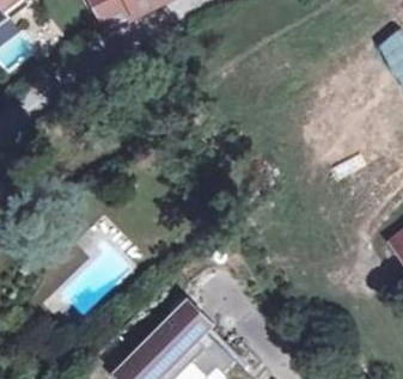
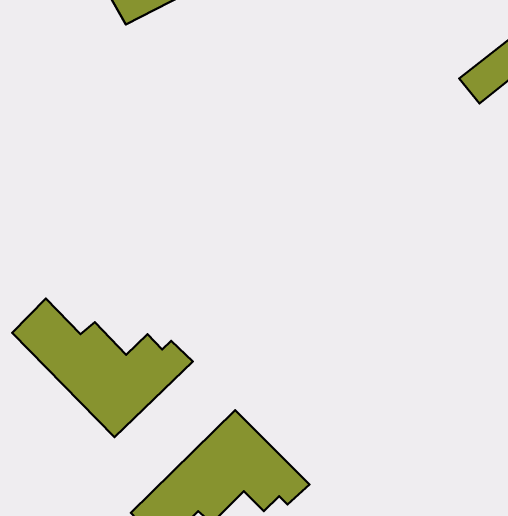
building: none -> [12,298,193,437]

